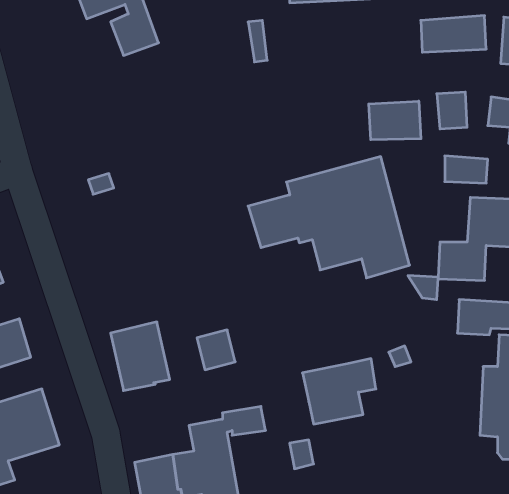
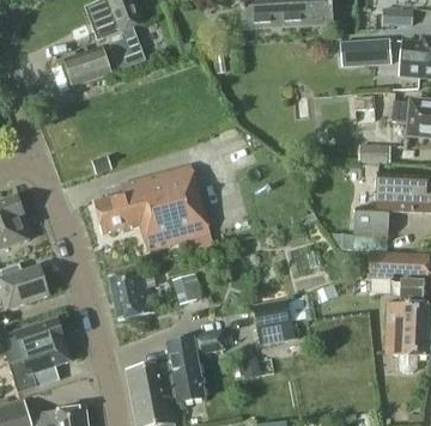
building: none -> [63,45,111,84]
building: [369,101,421,140] -> none
building: [248,157,410,278] -> [91,164,212,255]

